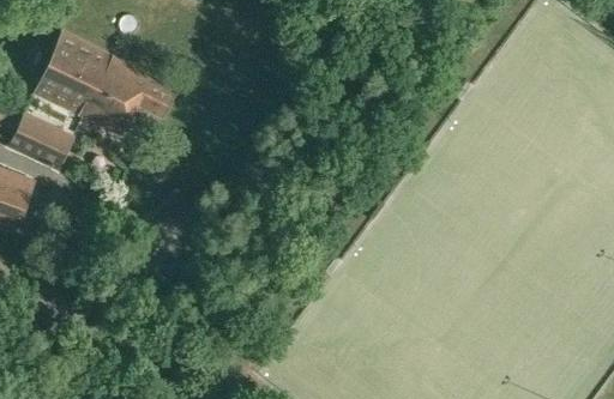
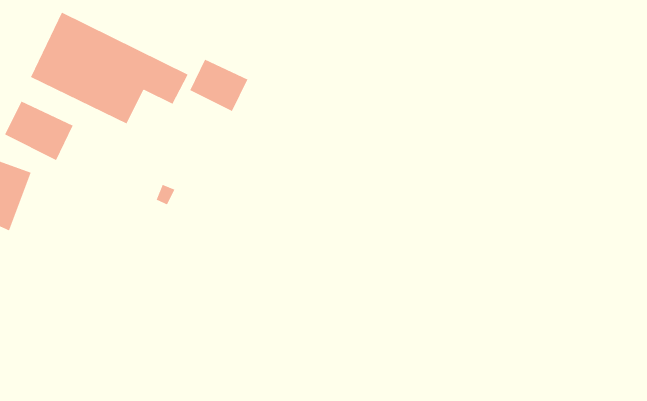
building: none -> [190,59,248,112]

